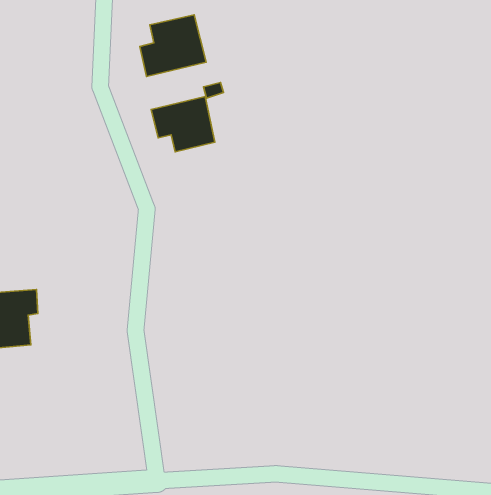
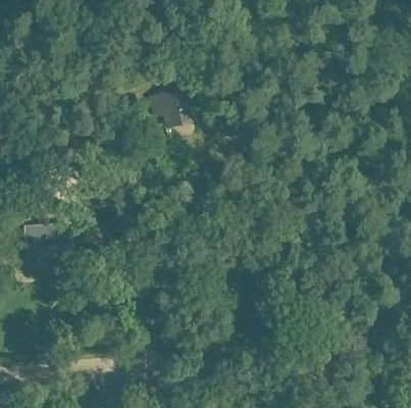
building: [140,15,206,76] -> none

